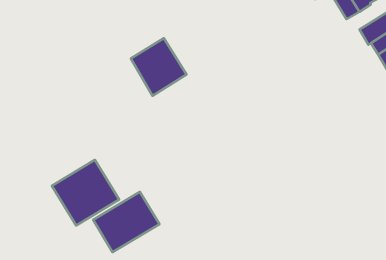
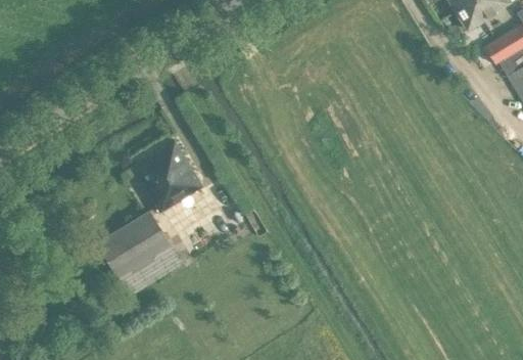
building: [131,38,187,96] -> [133,140,203,213]
building: [93,192,159,252] -> none

